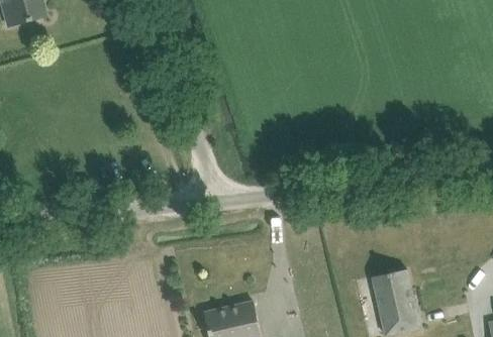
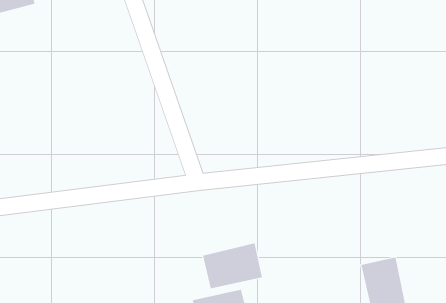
building: none -> [202,242,263,289]

